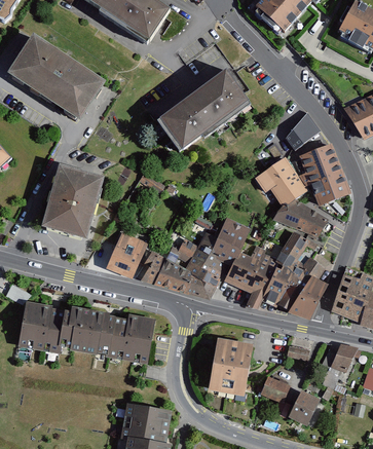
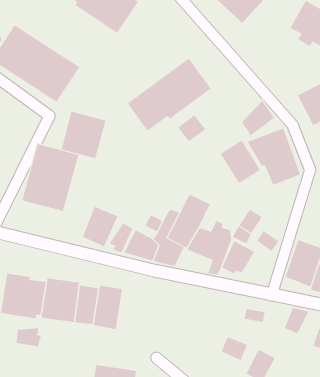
building: none -> [61,111,106,159]
building: none -> [178,115,206,142]
building: [272,200,327,237] -> none
building: [288,279,327,317] -> none
building: [209,336,254,396] -> none
building: none -> [16,327,42,347]

